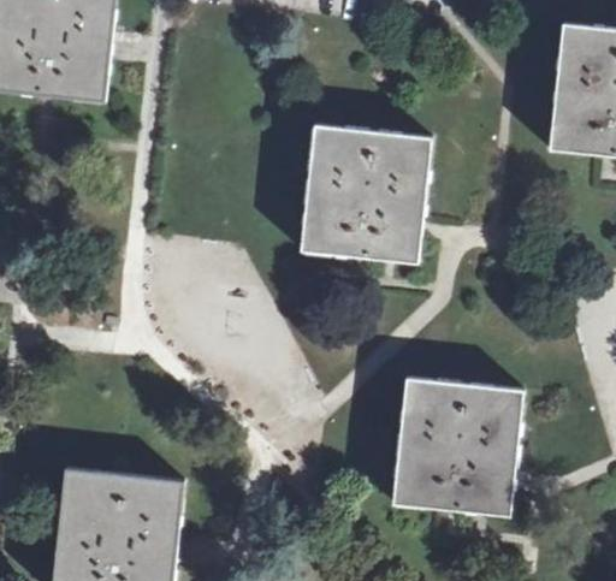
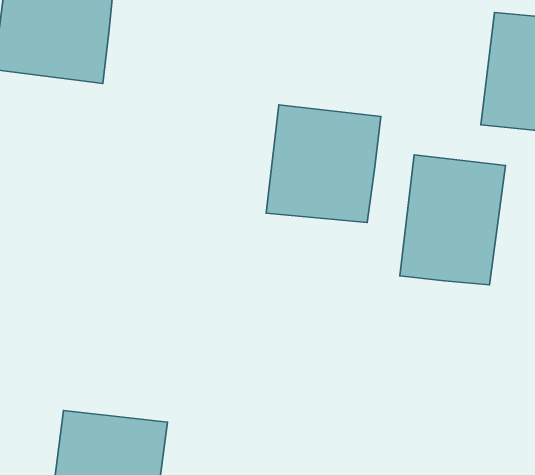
building: none -> [400,155,505,285]
building: [389,379,519,518] -> none

